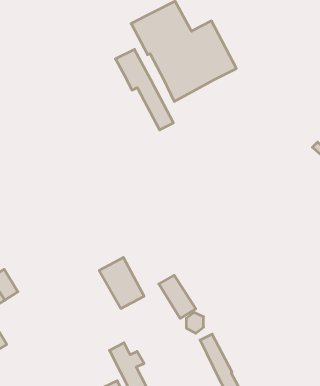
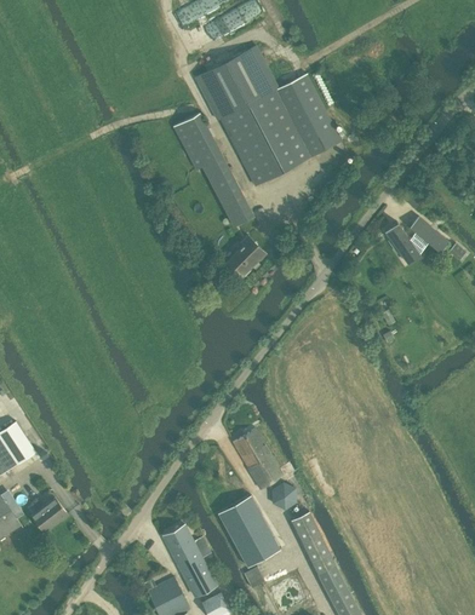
building: none -> [385,217,450,263]
building: none -> [227,235,265,278]
building: [99,257,144,308] -> [217,495,280,567]
building: none -> [32,498,67,533]

